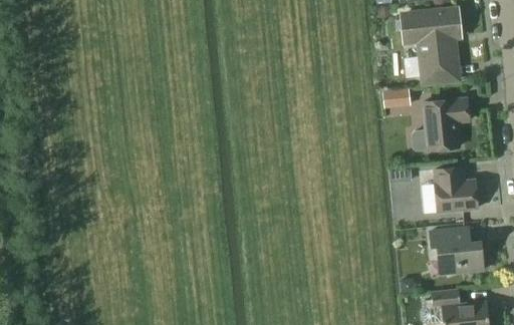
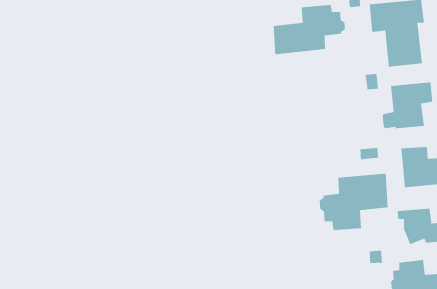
building: none -> [273,4,346,55]
building: none -> [319,173,388,231]

